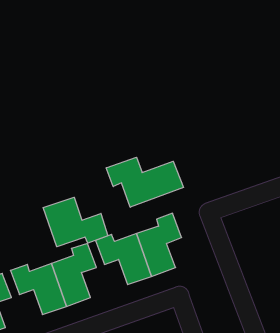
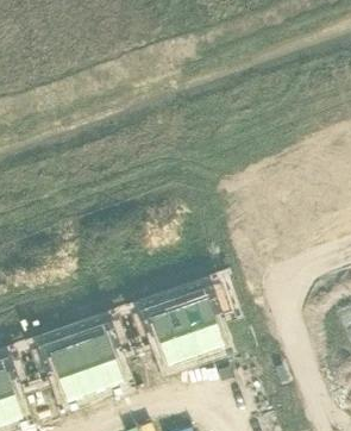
building: [106,157,183,207] -> none
building: [43,197,108,247] -> none

